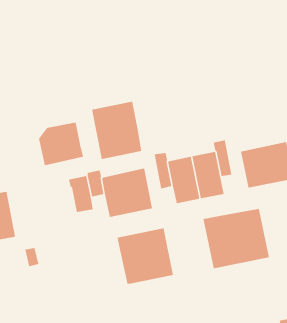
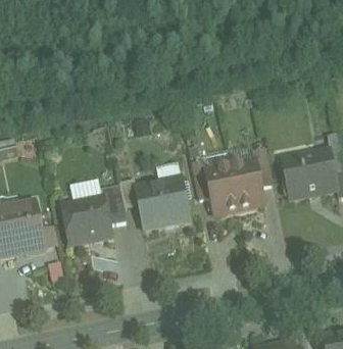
building: [91,101,142,160] -> none
building: [38,121,84,166] -> [63,197,111,244]
building: [203,208,269,269] -> none
building: [117,228,173,285] -> none

